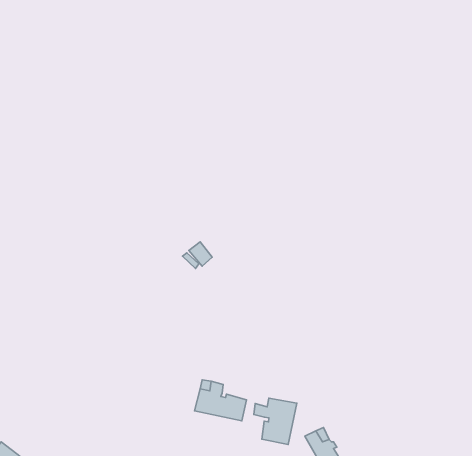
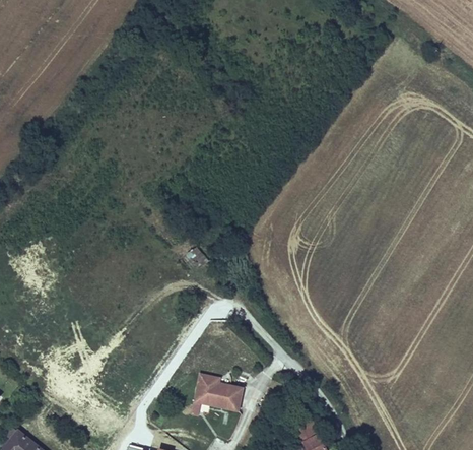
building: [254,398,297,445] -> none

